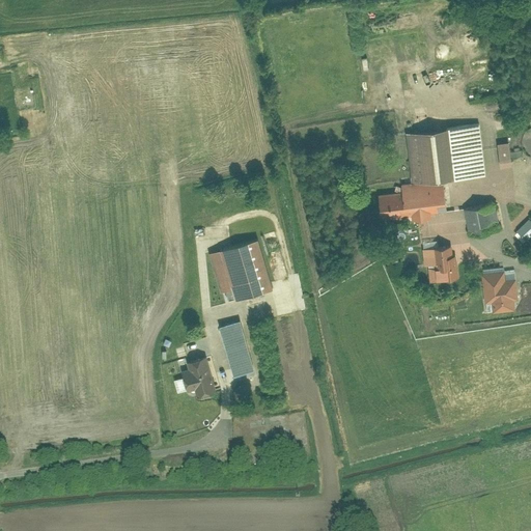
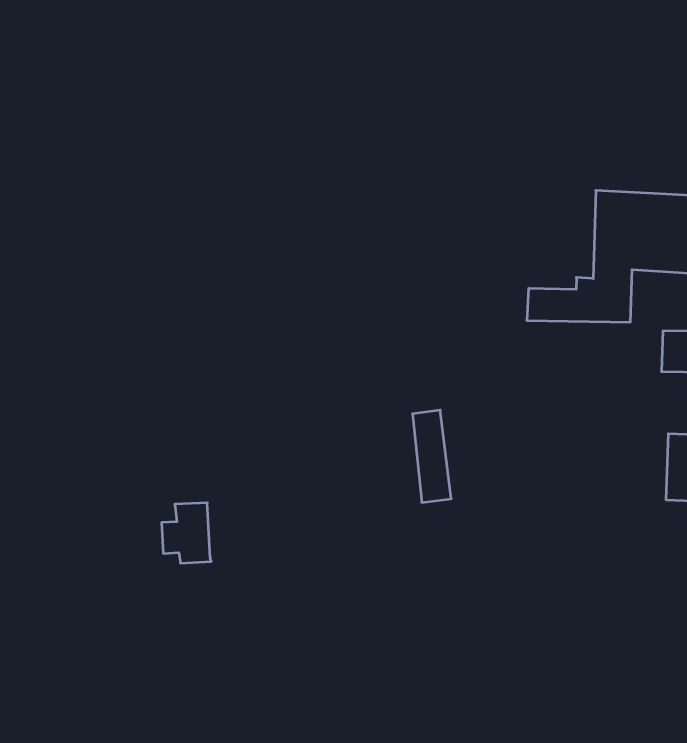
building: [209,242,270,301] -> none
building: [424,247,455,280] -> none
building: [221,319,253,378] -> [412,410,451,502]

